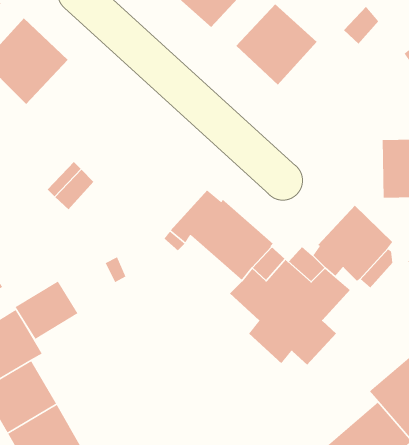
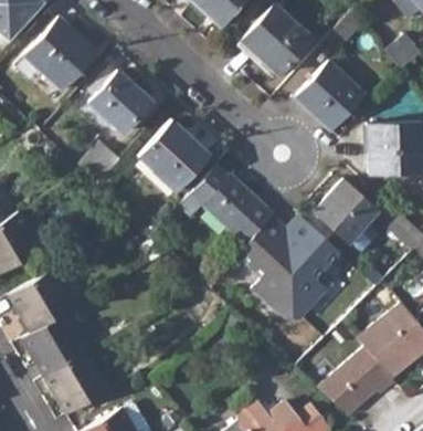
building: none -> [295,59,366,129]
building: none -> [88,71,150,133]
building: none -> [137,120,210,192]
building: [15,281,79,340] -> none

